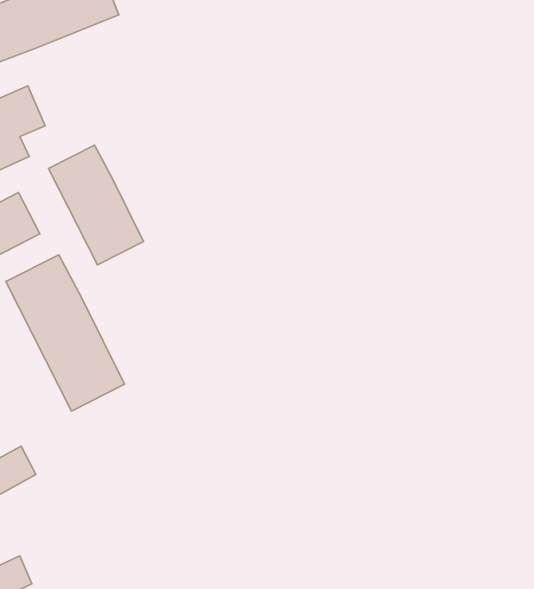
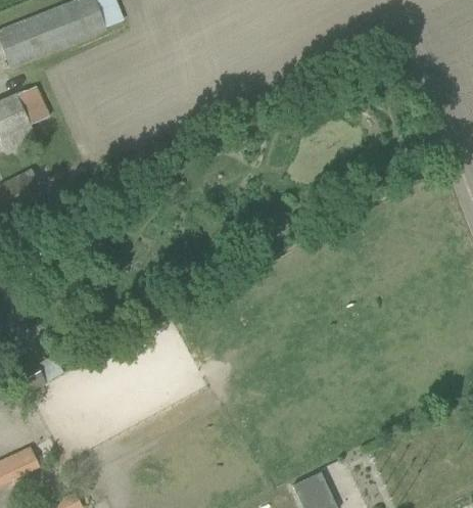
building: [49,145,143,265] -> none
building: [6,255,125,411] -> none

